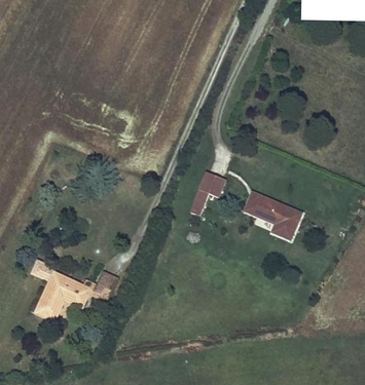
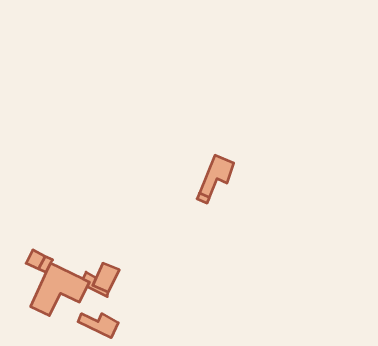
building: [244,192,300,239] -> none
building: none -> [78,314,118,338]

